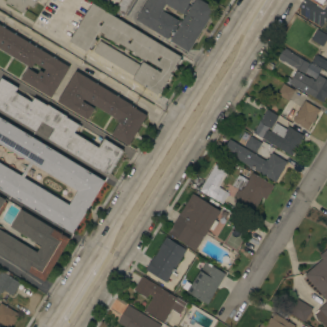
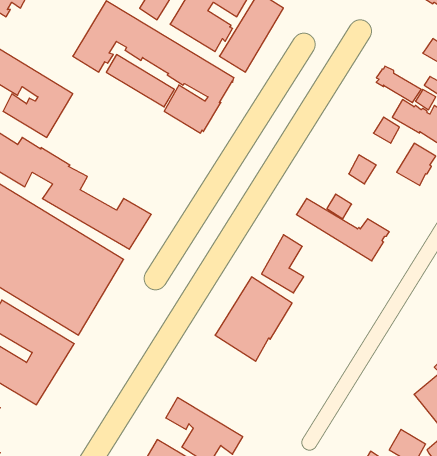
building: [57,70,146,145] -> none
building: [261,123,303,156] -> none
building: [232,173,273,213] -> none
building: [145,236,186,282] -> none
building: [178,262,225,304] -> none

